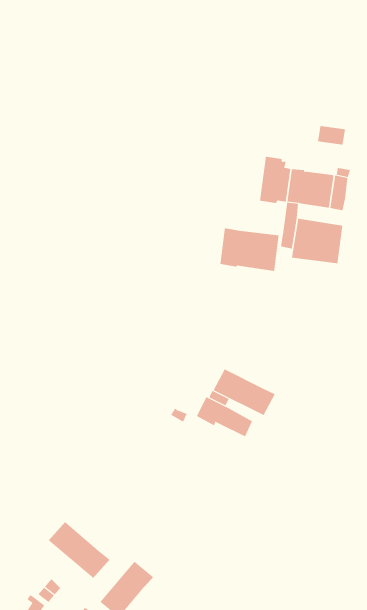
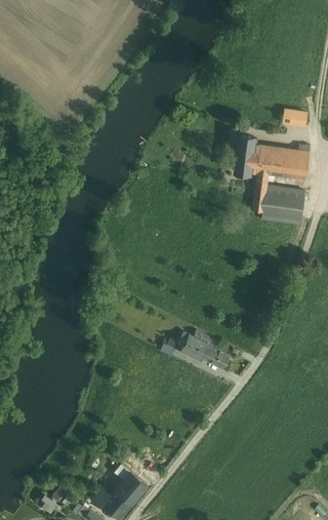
building: [220,228,279,272] -> none
building: [213,368,275,416] -> none
building: [48,521,110,579] -> none

